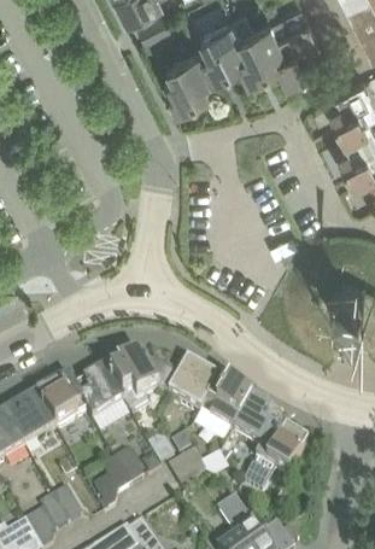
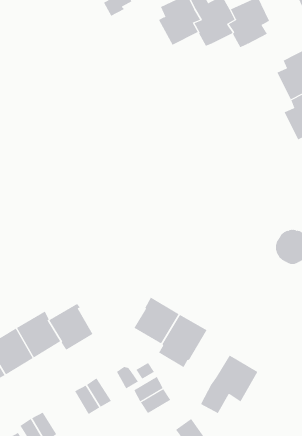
building: [159,46,209,105] -> none
building: [104,351,178,414] -> none
building: [228,395,281,446] -> none

